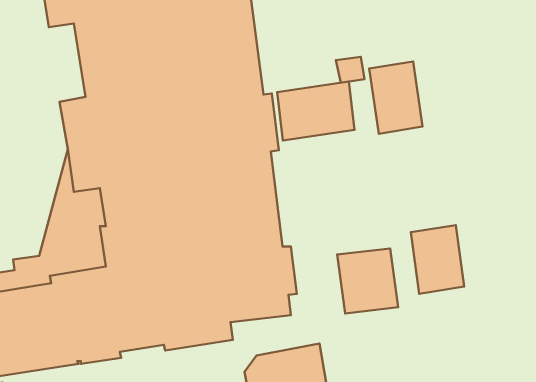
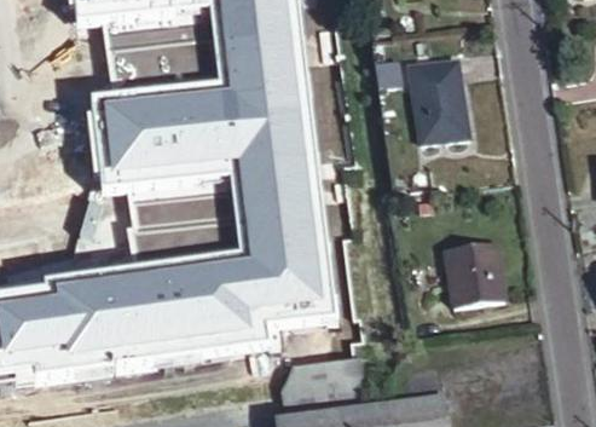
building: [277,82,355,140] -> none
building: [337,248,398,313] -> none

